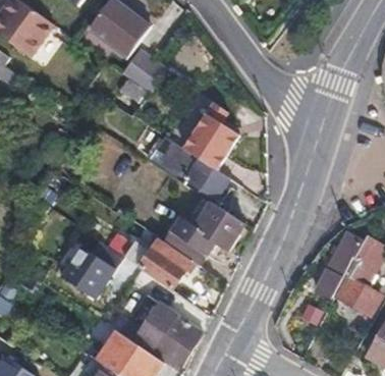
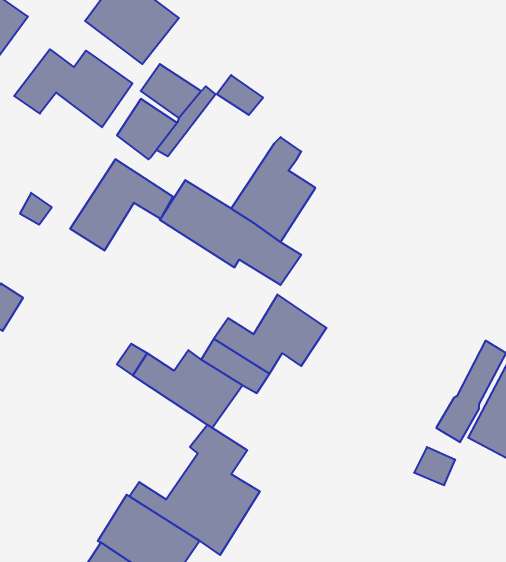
building: none -> [14,49,132,127]
building: none -> [70,159,173,251]
building: [60,246,116,302] -> none

